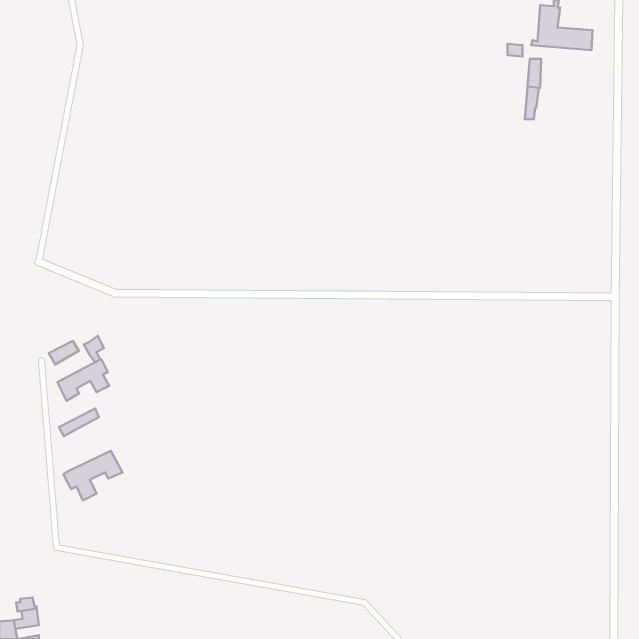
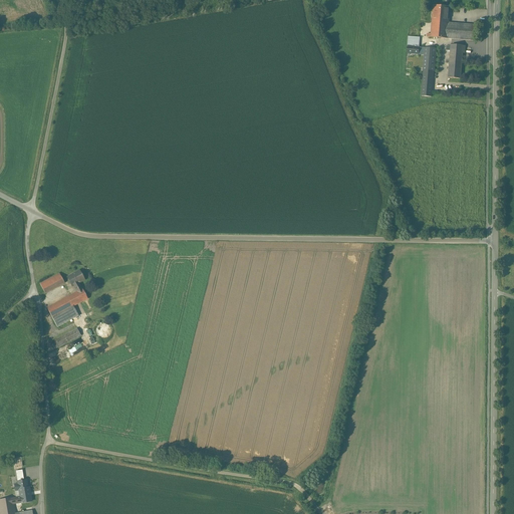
building: none -> [447,44,464,77]
building: [64,451,123,500] -> none

